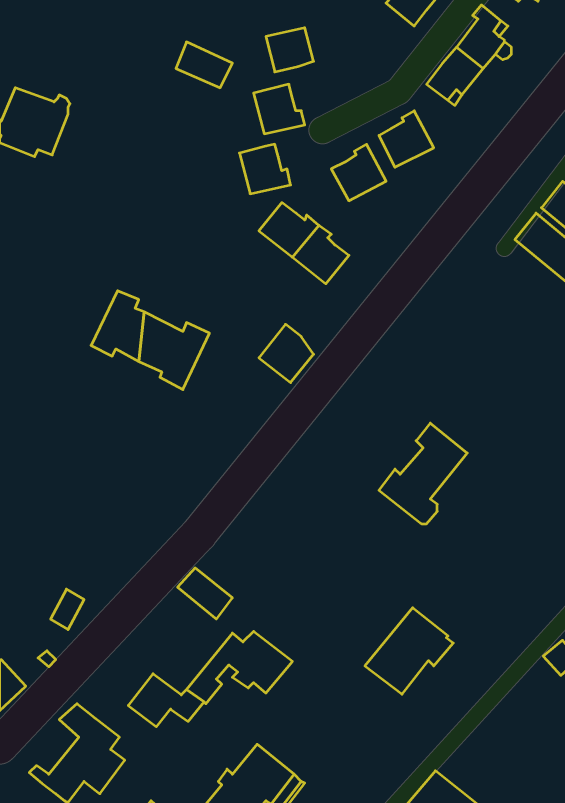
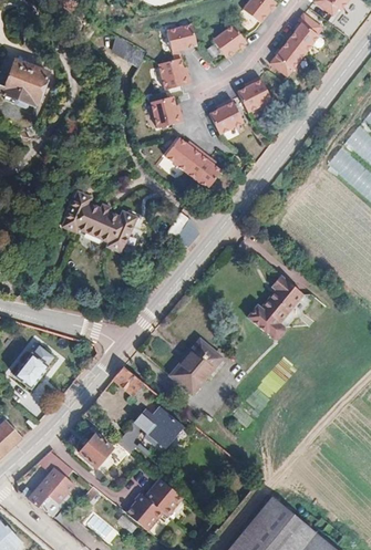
building: none -> [214,28,248,61]
building: none -> [9,350,47,388]
building: [365,608,453,694] -> [171,338,226,392]

